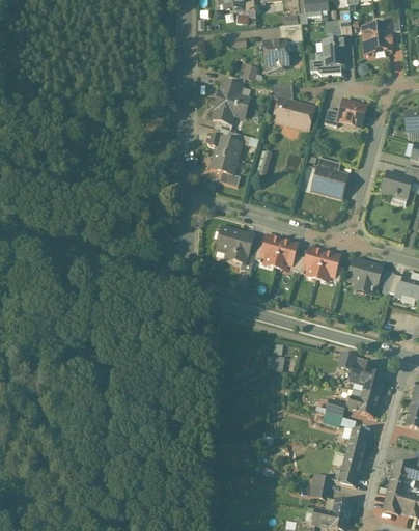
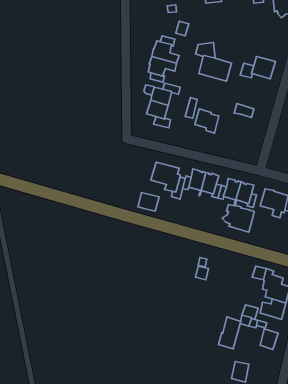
building: [262,40,287,67] -> none
building: [322,40,344,67] -> none
building: [316,170,345,199] -> [195,109,219,133]
building: none -> [138,193,159,211]
building: none -> [222,205,254,232]
building: [336,449,363,487] -> [218,317,241,349]

